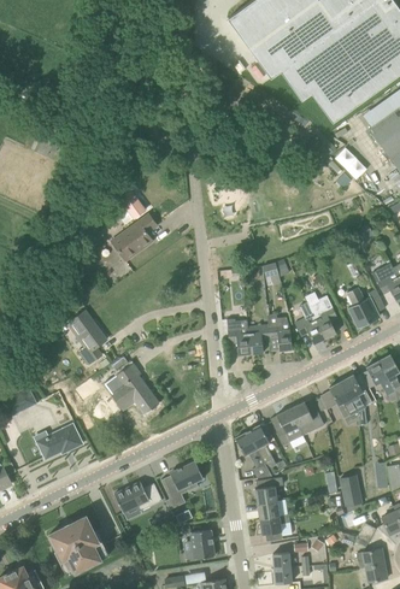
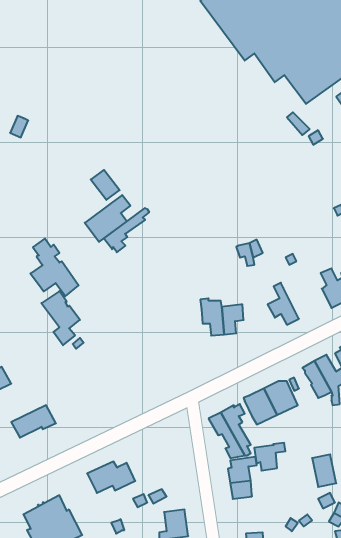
building: none -> [104,208,149,252]
building: [310,296,339,338] -> none
building: [267,314,292,352] -> none
building: [110,357,158,414] -> [30,239,79,296]
building: [160,461,204,496] -> none
building: [259,514,290,542] -> [254,443,285,471]

